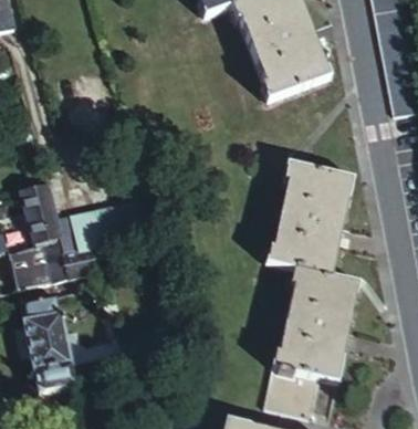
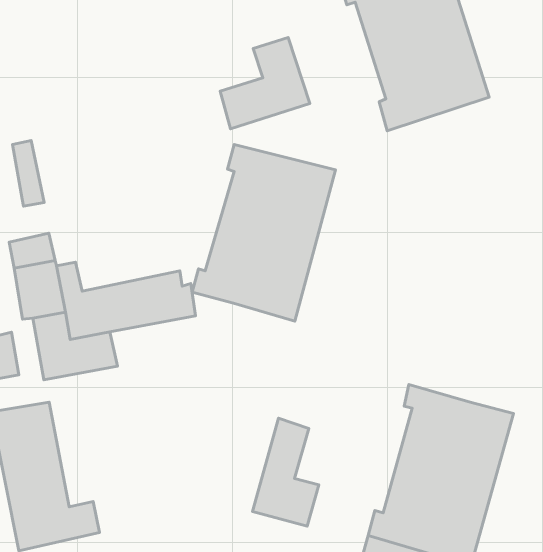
building: none -> [220,38,310,129]
building: [263,159,352,272] -> [192,144,336,321]
building: none -> [253,418,319,526]

